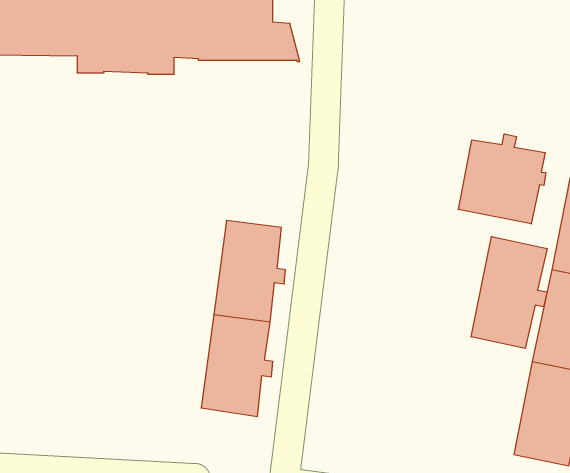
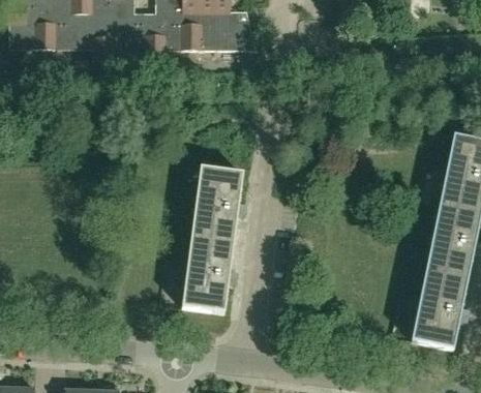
building: [458,134,546,224] -> none
building: [471,236,547,348] -> none

